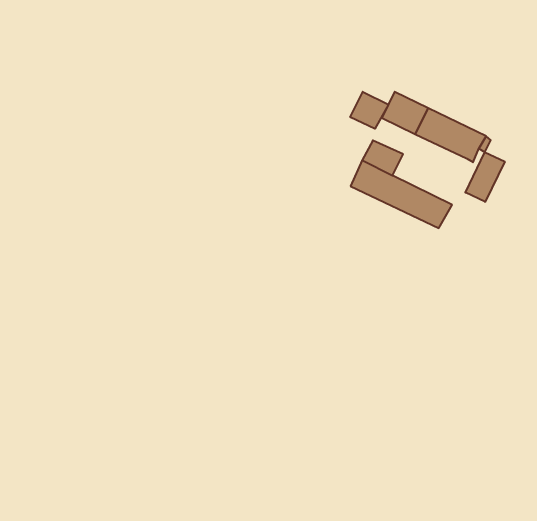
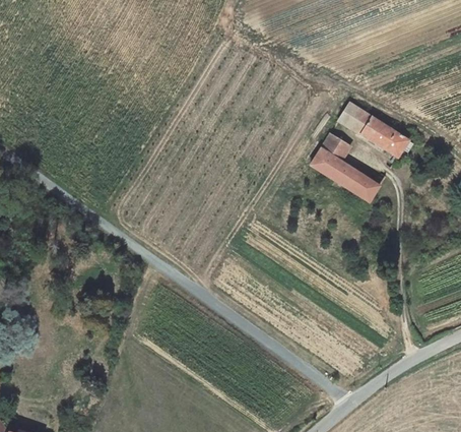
building: [350,92,388,129] -> none
building: [465,152,505,202] -> none

